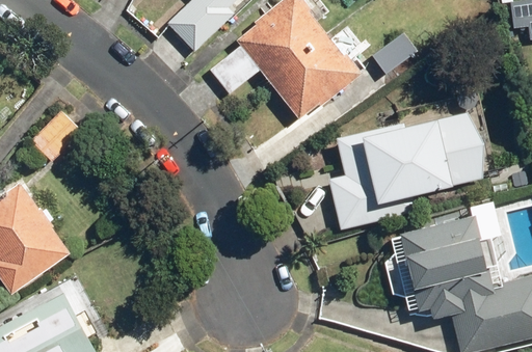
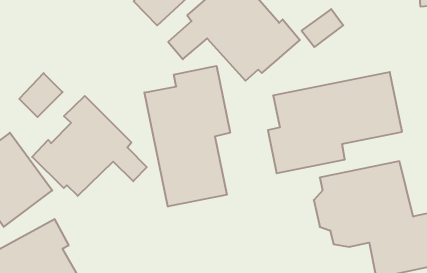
building: none -> [144,66,230,207]
building: none -> [32,96,147,196]

